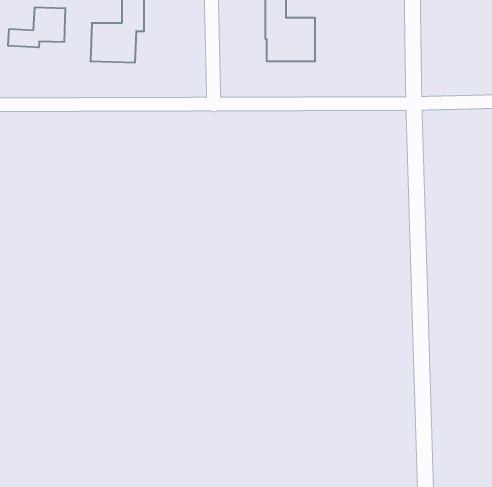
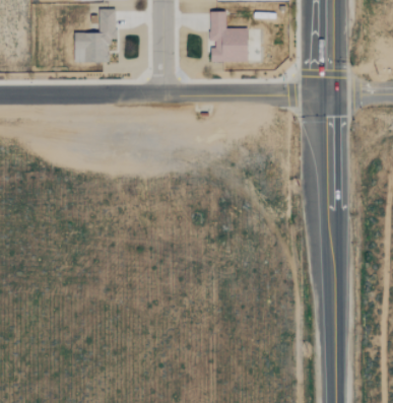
building: [8,7,65,48] -> none

